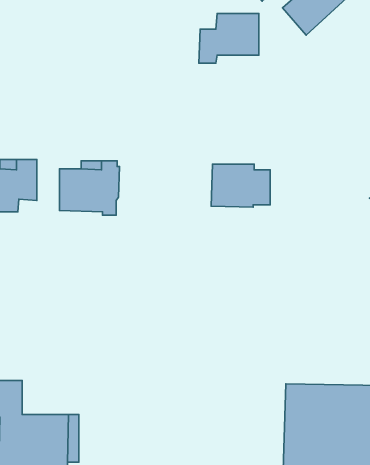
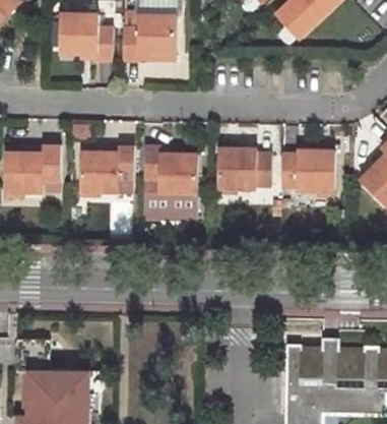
building: [199,13,259,63] -> [121,16,175,61]
building: none -> [60,15,113,61]
building: none -> [144,146,198,218]
building: none -> [280,149,333,188]

